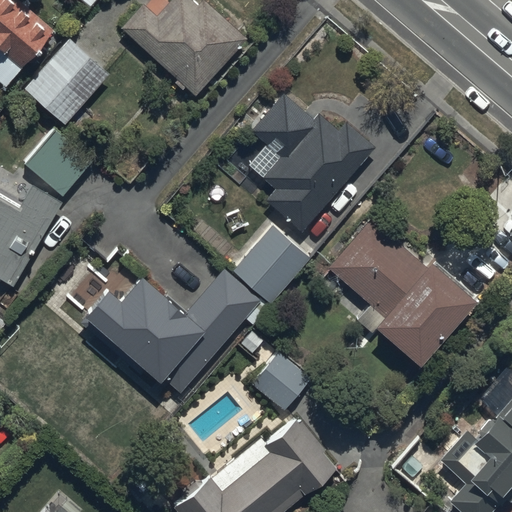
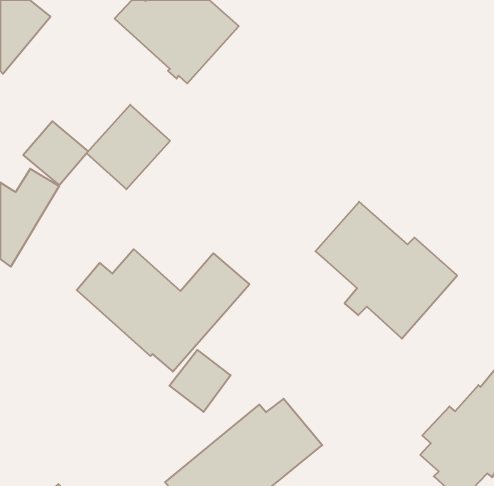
building: [24,39,110,126] -> [87,105,170,189]
building: [248,94,373,233] -> none
building: [232,226,309,304] -> none
building: [249,349,312,413] -> [169,350,231,412]

